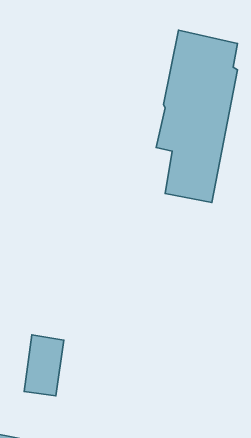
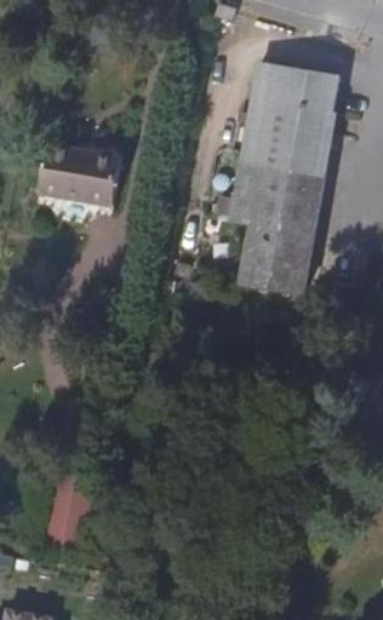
building: none -> [35,148,120,226]

